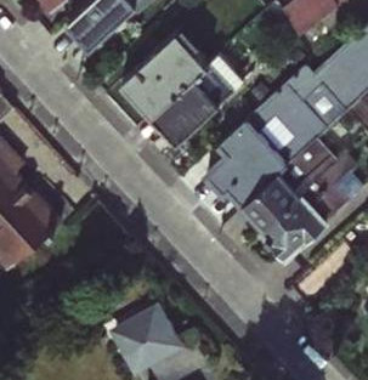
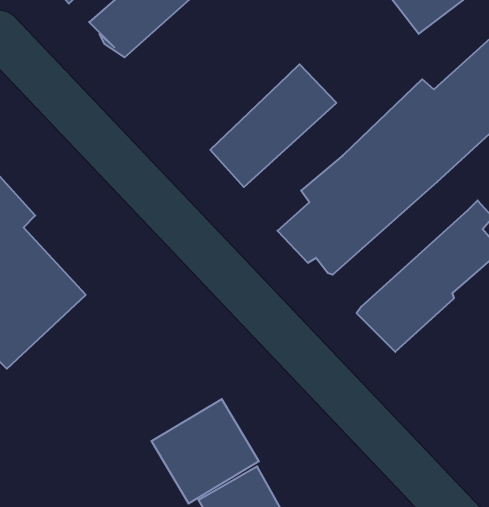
building: [120,29,209,115] -> none
building: [242,138,339,228] -> none

